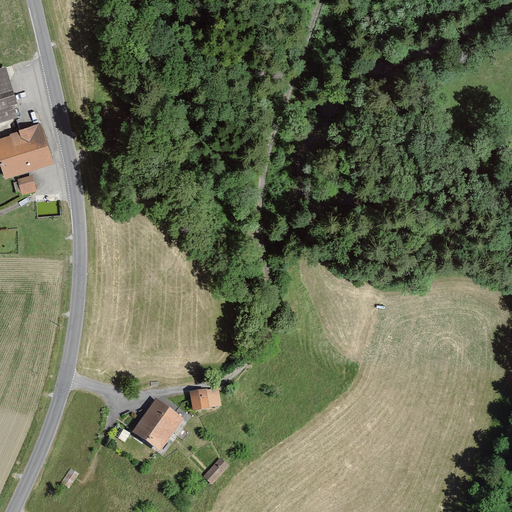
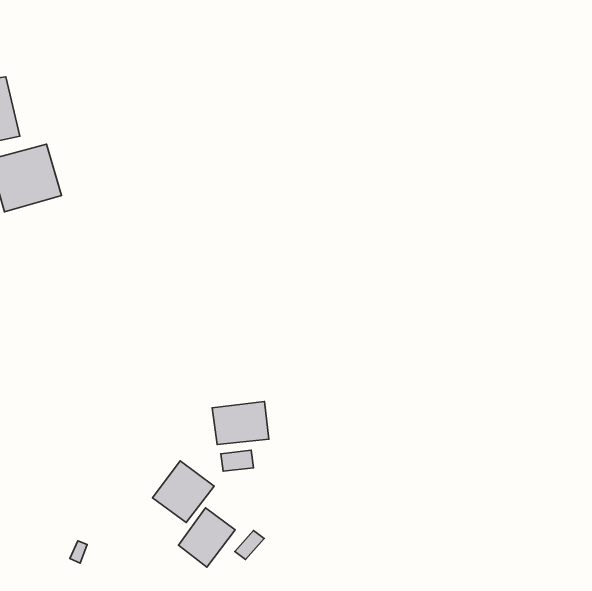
building: none -> [212,402,269,445]
building: none -> [178,508,235,567]

